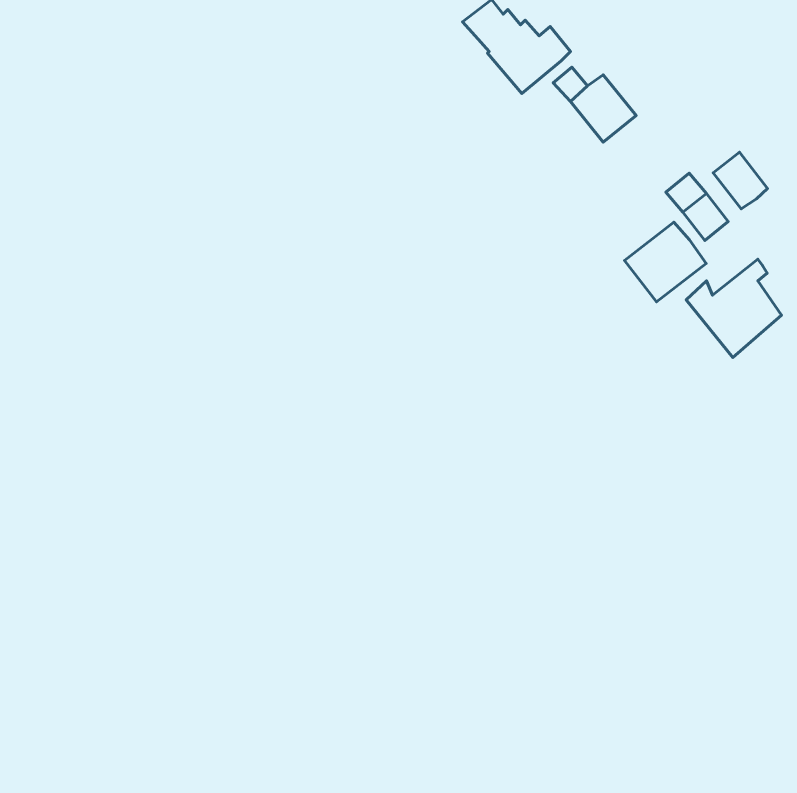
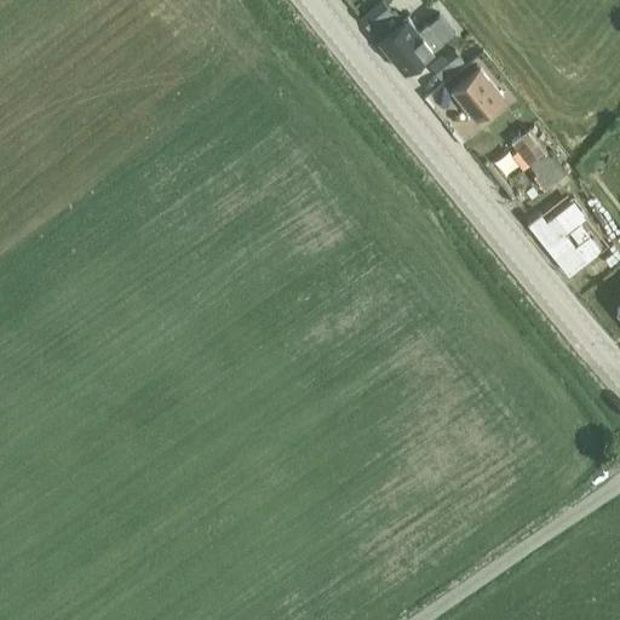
building: [713,152,768,209] -> none
building: [624,222,706,302] -> none

